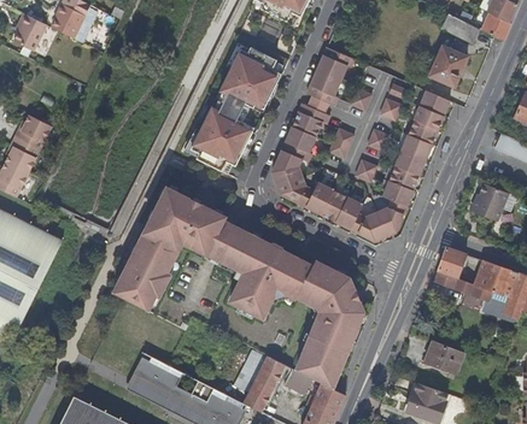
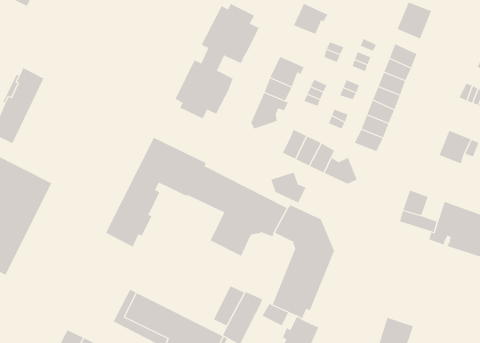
building: [308,71,341,105] -> none
building: [275,173,314,207] -> [270,172,306,203]
building: [376,200,406,236] -> none
building: [427,341,464,371] -> none

